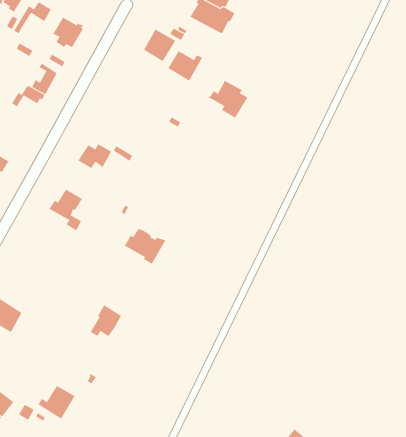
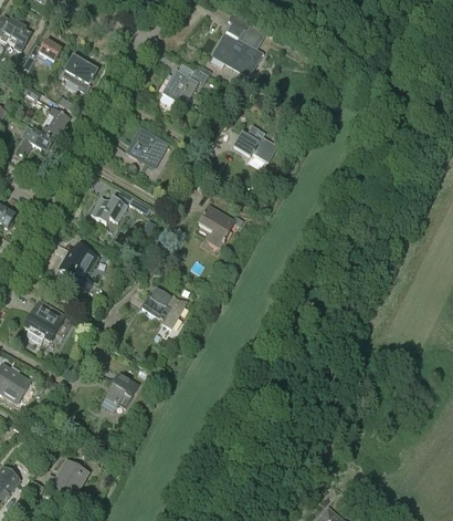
building: [167,50,203,81] -> none
building: none -> [126,128,168,167]
building: none -> [199,206,244,246]
building: none -> [24,303,63,343]

